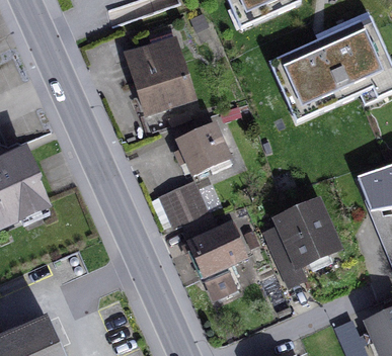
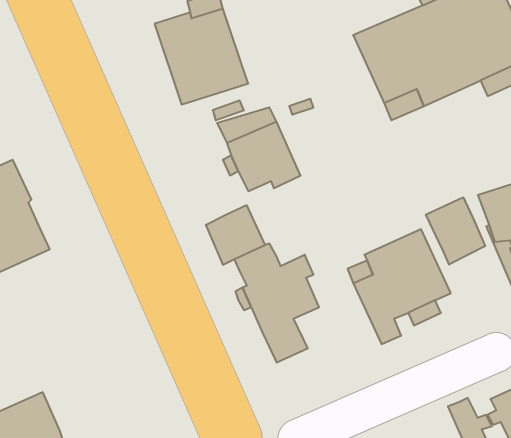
building: none -> [426,197,485,265]

